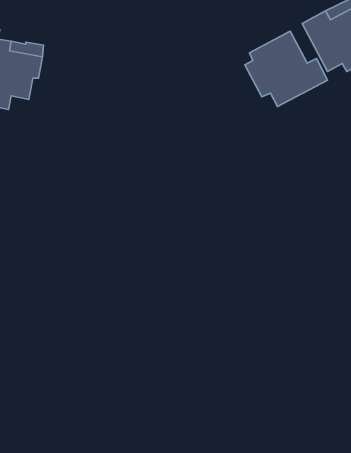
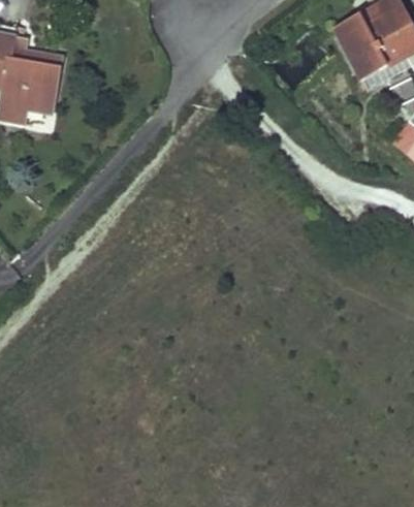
building: [245,31,327,106] -> none

